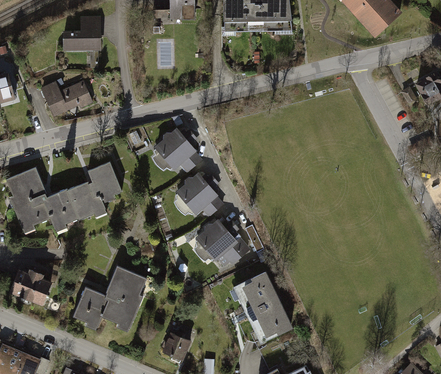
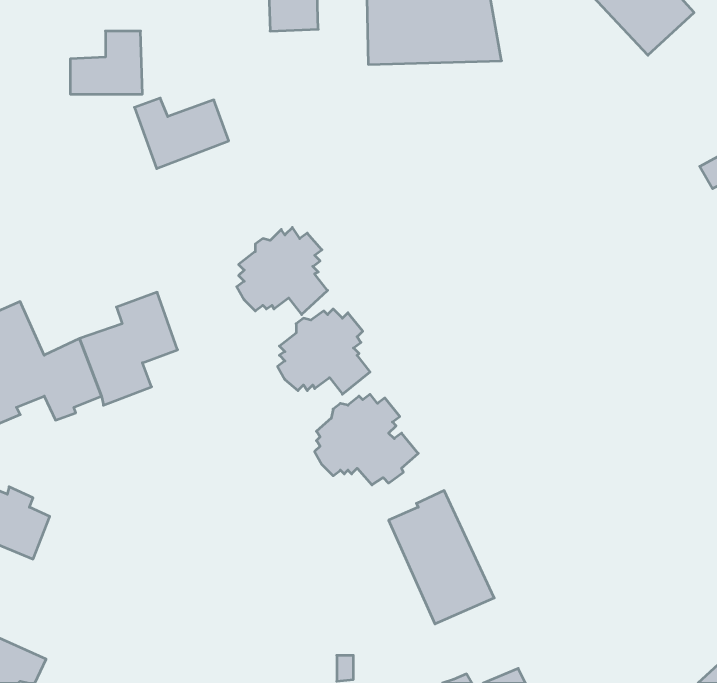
building: [41,80,92,118] -> [134,98,229,169]
building: [73,264,146,331] -> none
building: [161,331,192,364] -> none

